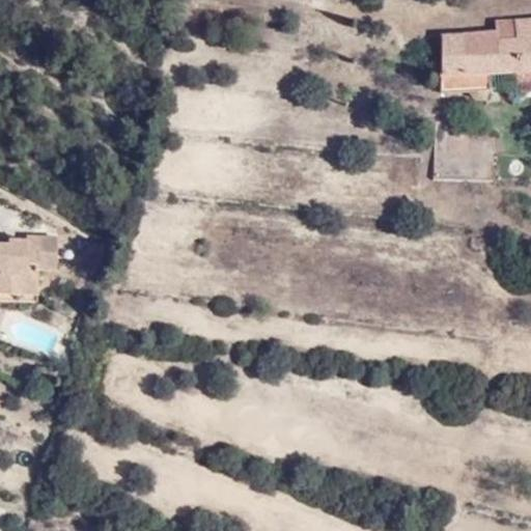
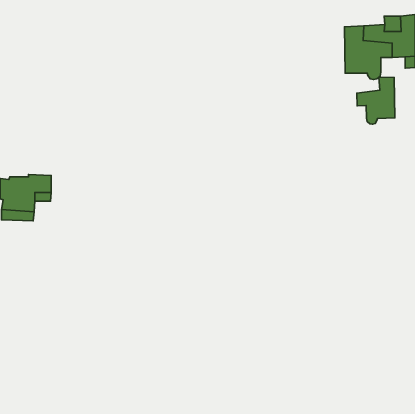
building: none -> [357,77,395,124]

